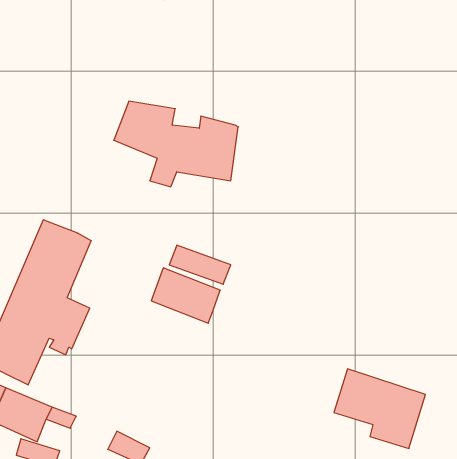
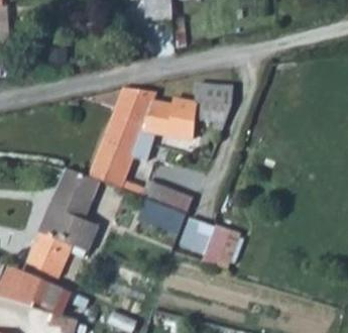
building: none -> [195,84,232,130]
building: none -> [89,113,151,189]
building: [334,369,425,449] -> [182,213,243,266]

